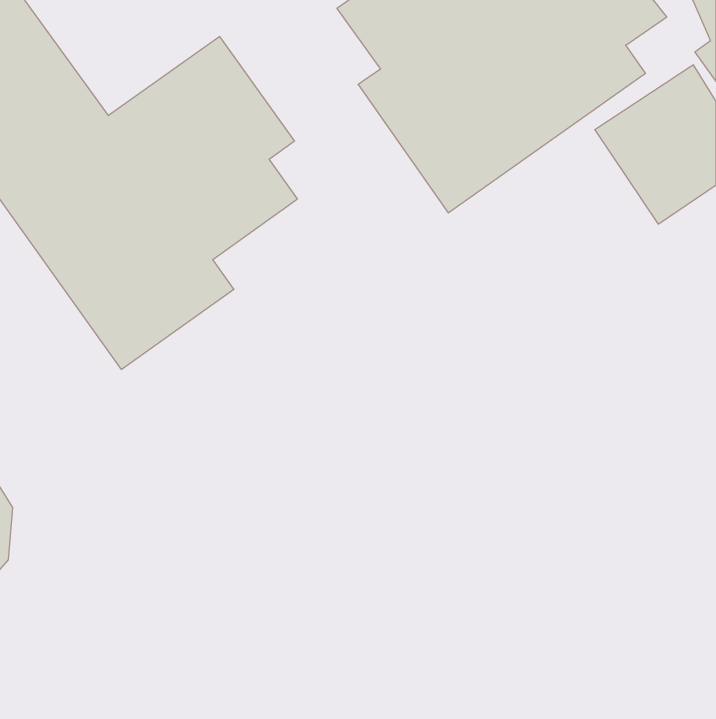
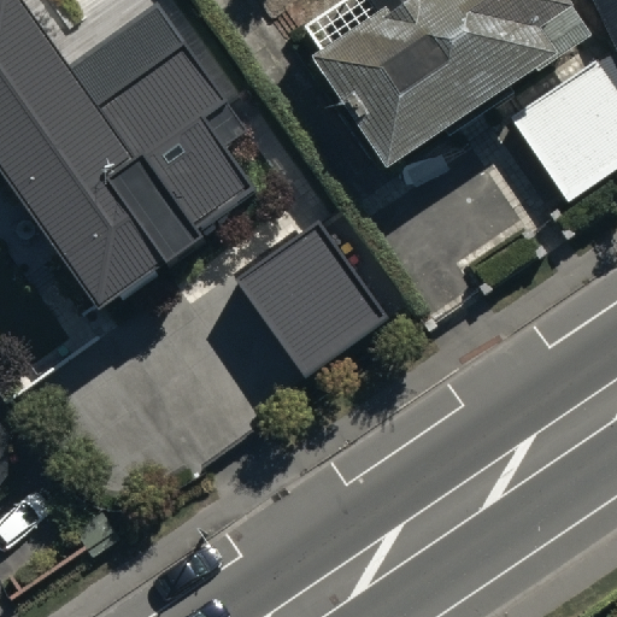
building: none -> [229,210,380,364]

